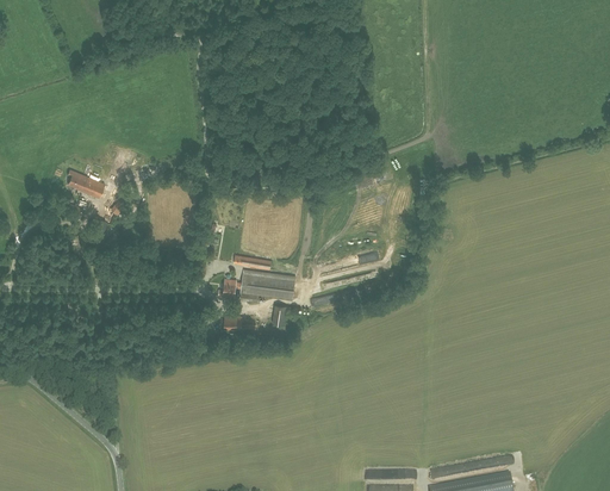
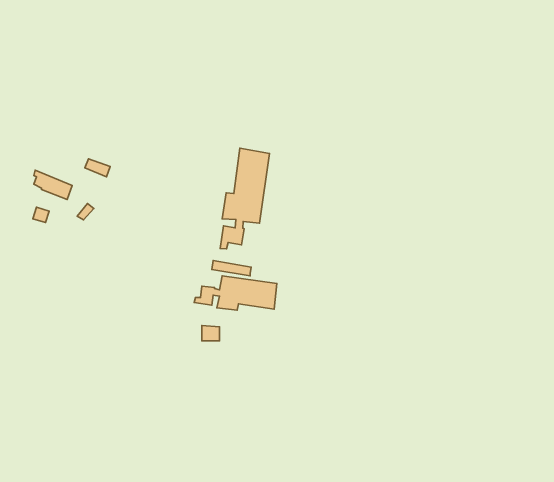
building: none -> [220,148,269,249]

